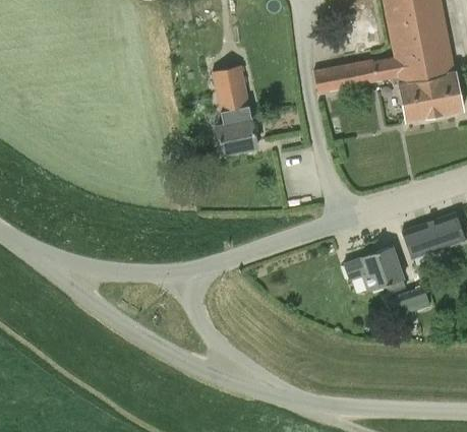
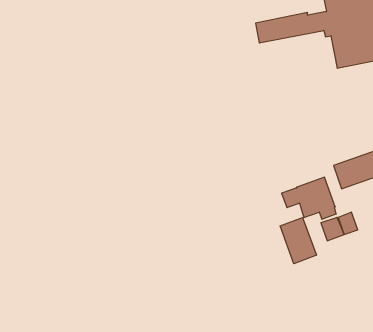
building: [213,65,250,112] -> none
building: [218,119,258,153] -> none
building: none -> [280,218,316,264]

